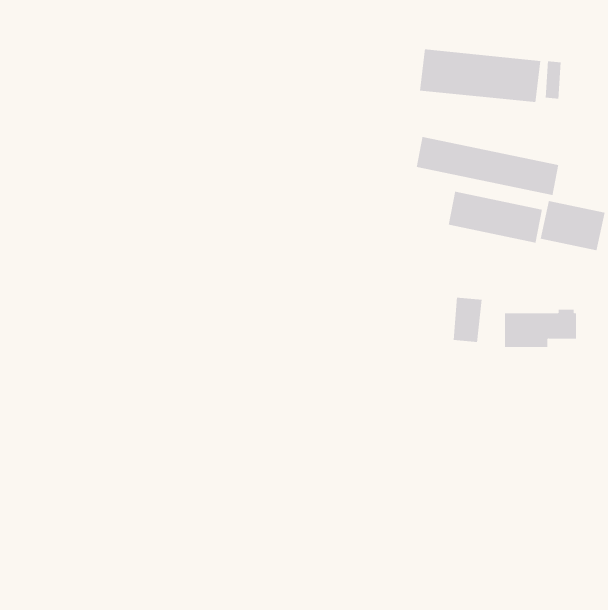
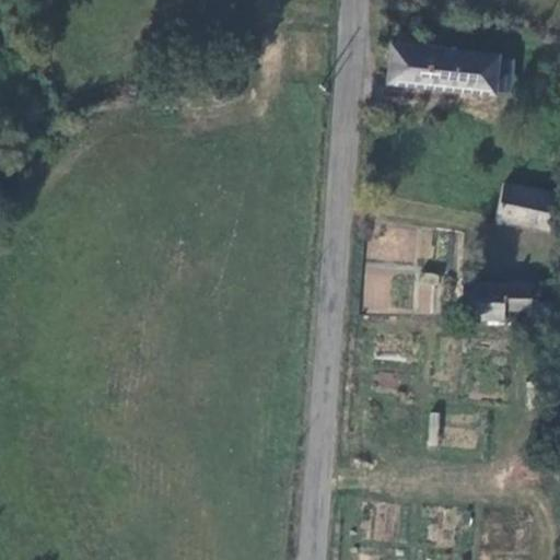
building: [416,136,559,196] -> none
building: [448,191,543,243] -> none

